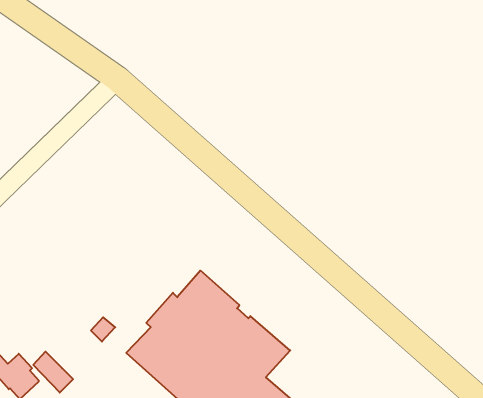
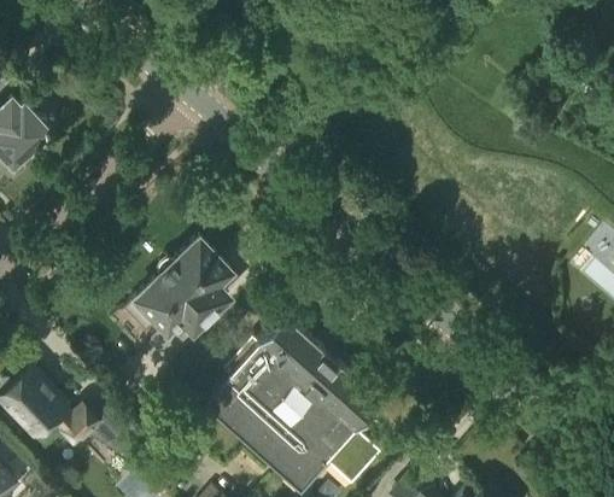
building: none -> [124,236,228,357]

